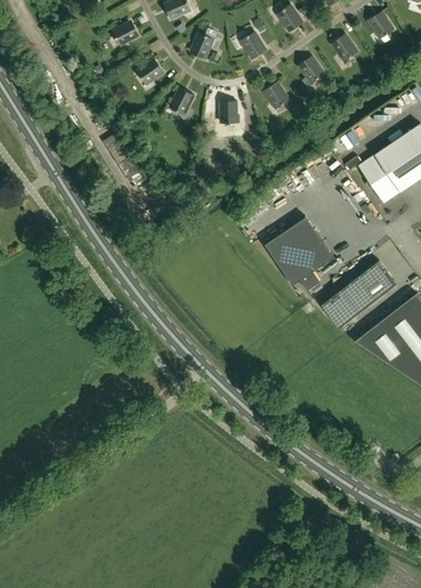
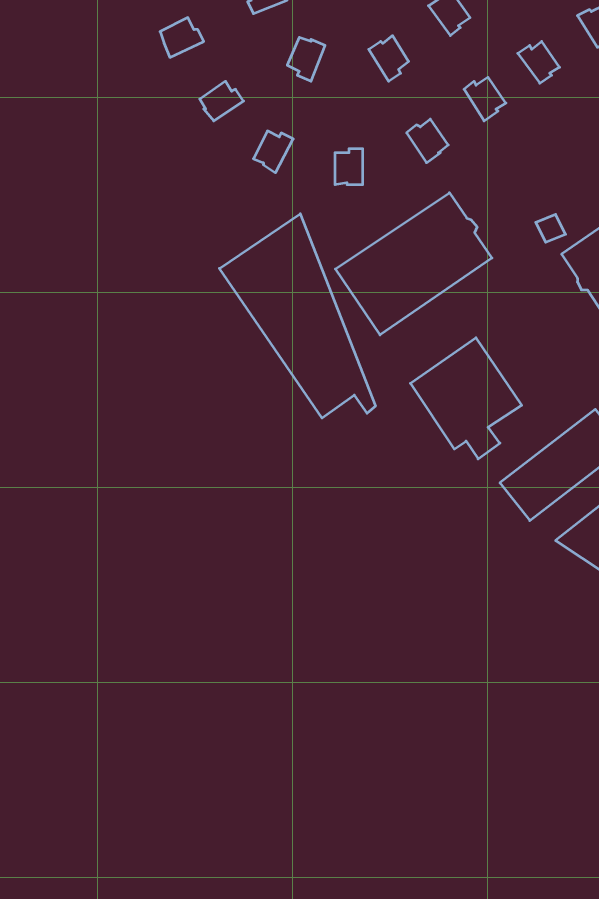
building: none -> [335,193,492,335]
building: none -> [219,214,375,418]

